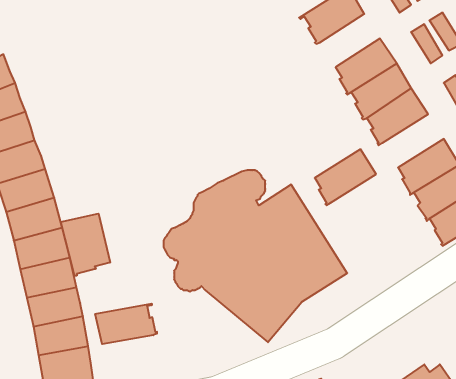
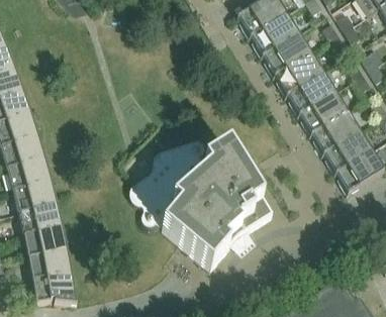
building: none -> [252,14,298,58]
building: [315,149,376,205] -> [300,92,348,135]
building: [61,214,110,276] -> none
building: [95,304,157,344] -> none

